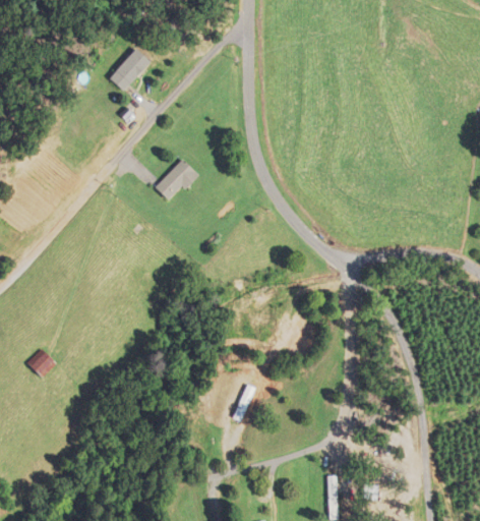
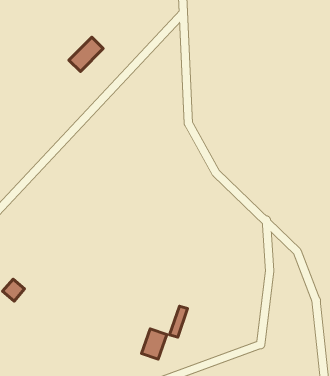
building: [157,157,201,201] -> none
building: none -> [142,329,167,359]

